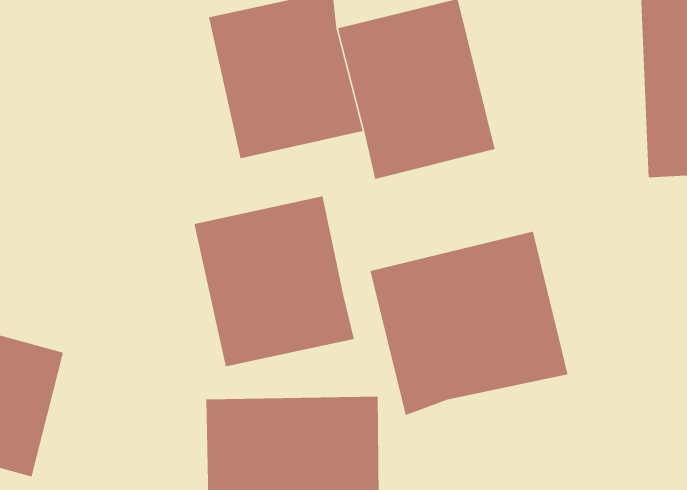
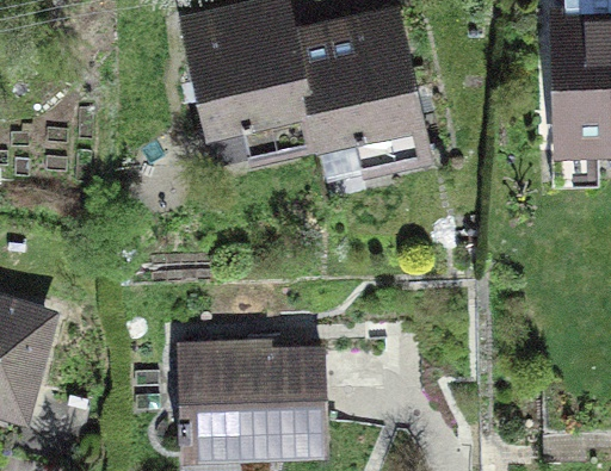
building: [194,196,354,367] -> none
building: [370,231,568,416] -> none

